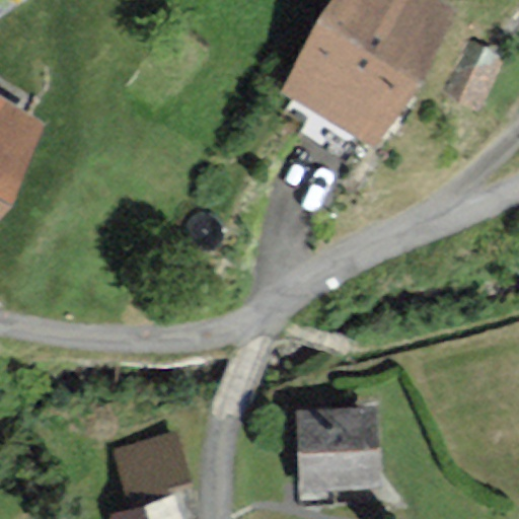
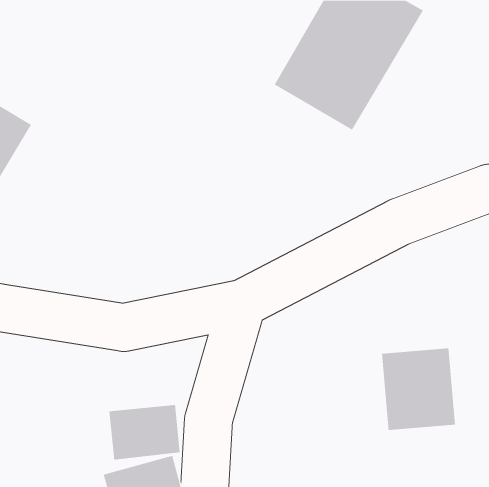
building: [299,413,378,500] -> [381,348,456,431]

